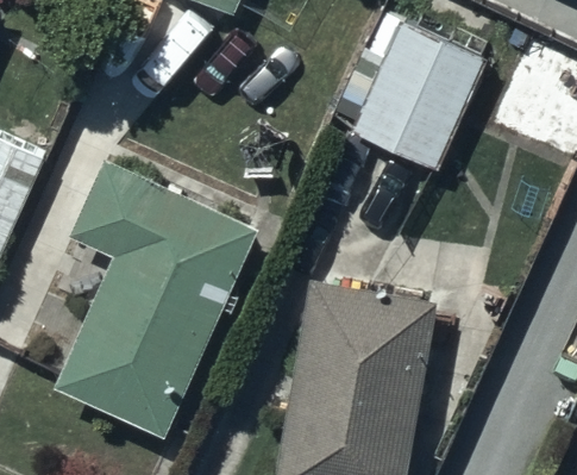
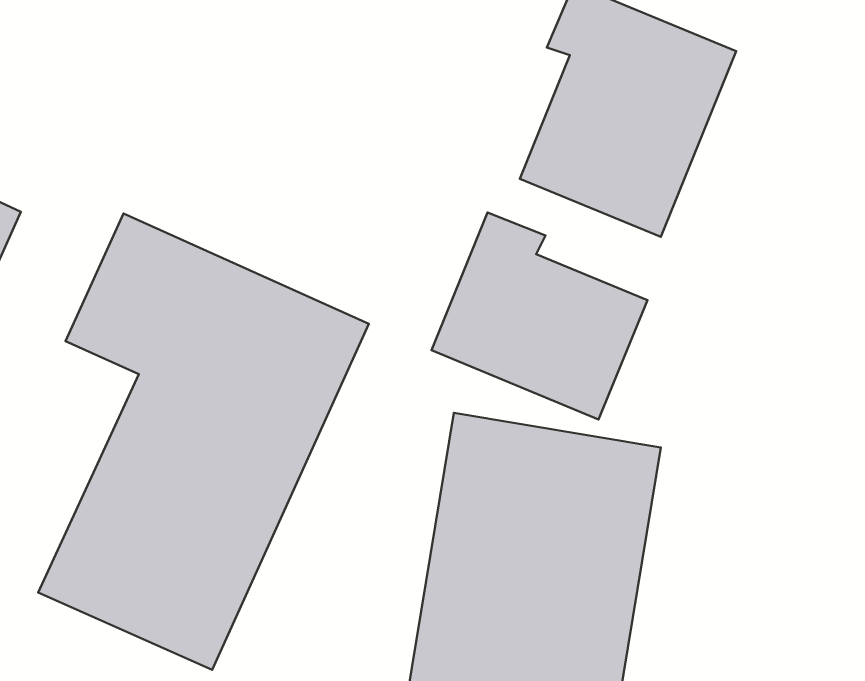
building: none -> [432,212,648,420]

